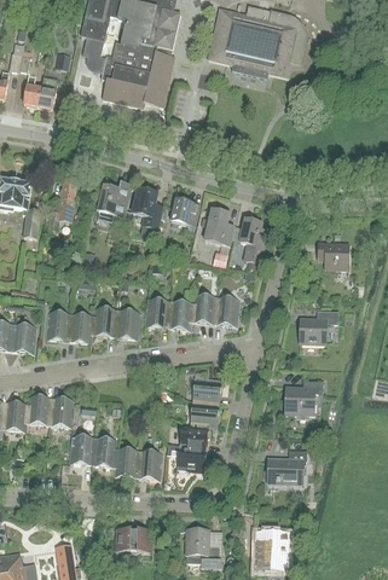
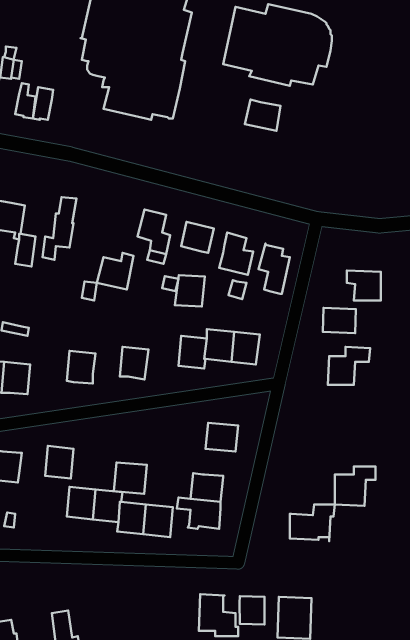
building: none -> [245,99,281,131]
building: [98,182,131,215] -> [97,253,133,290]
building: none -> [323,308,356,333]
building: [144,298,170,326] -> [175,275,205,306]
building: [92,307,118,336] -> none
building: [45,311,71,340] -> none
building: [285,379,322,414] -> [335,466,376,506]
building: [27,395,52,424] -> none
building: [190,400,219,425] -> none
building: none -> [114,463,147,494]
building: [115,527,152,551] -> none
building: none -> [240,596,265,625]

